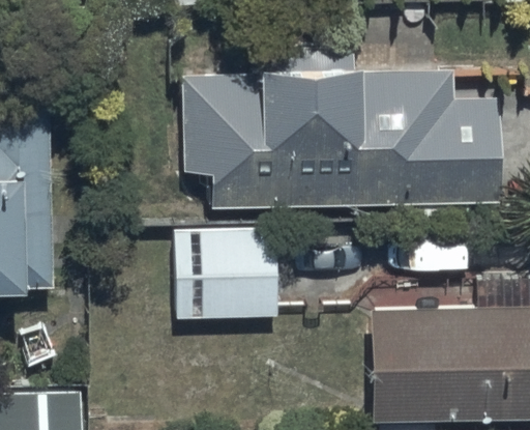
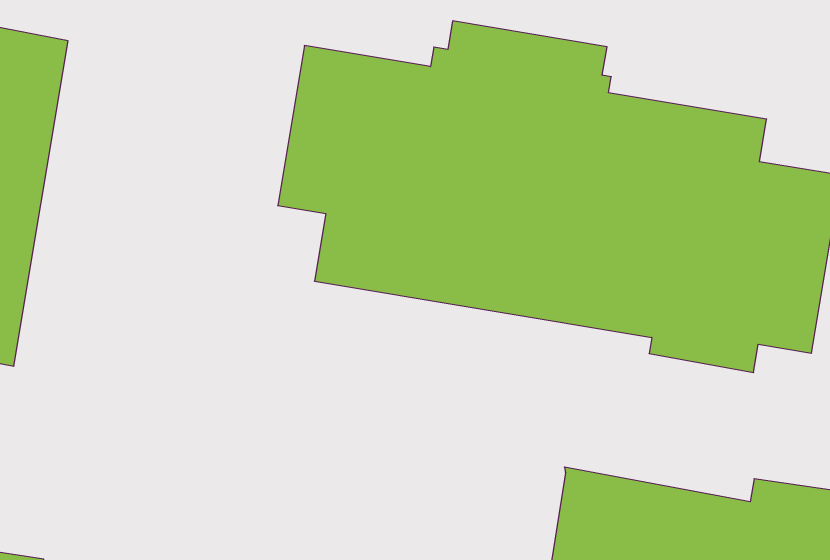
building: [172,230,281,317] -> none

